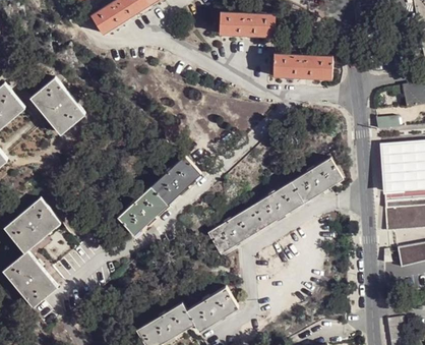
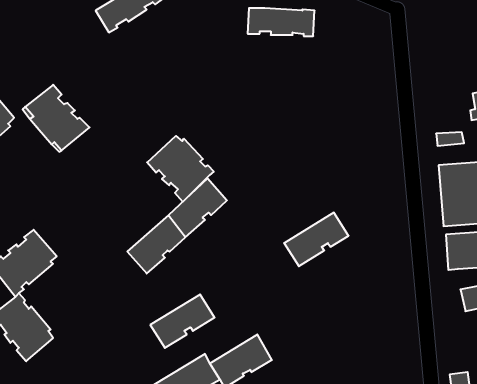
building: [274,53,332,79] -> none
building: none -> [147,136,214,202]
building: [291,160,341,203] -> none
building: [207,209,261,253] -> [150,294,215,348]

